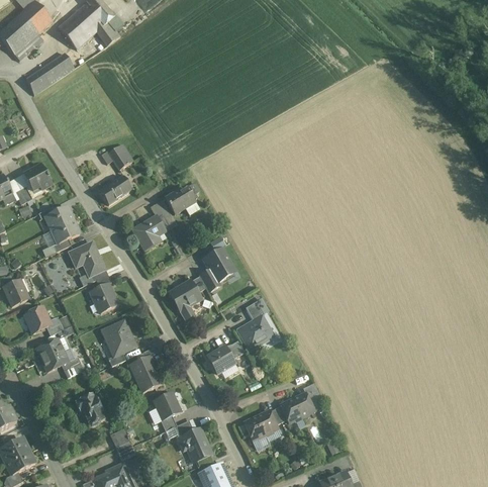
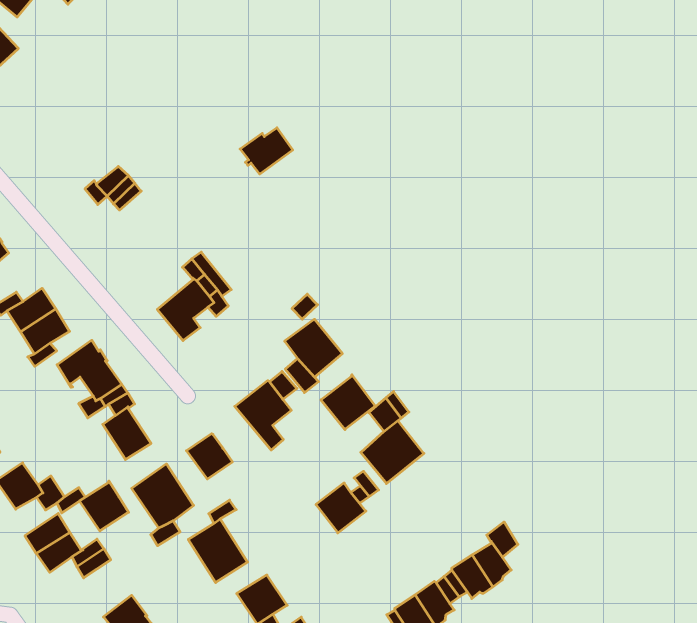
building: [99,176,131,204] -> none
building: [165,188,195,213] -> [240,128,293,174]
building: none -> [321,375,375,430]
building: none -> [186,434,232,479]
building: none -> [80,481,129,531]

